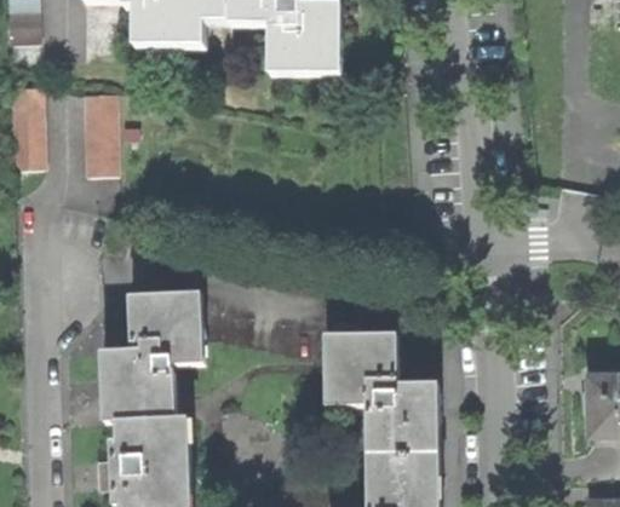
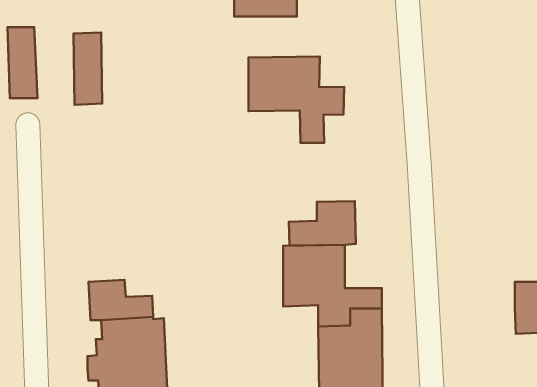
building: none -> [249,57,344,143]
building: none -> [289,201,356,246]
building: [101,292,205,391] -> none

